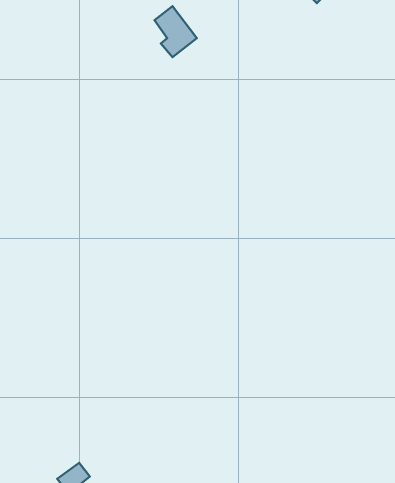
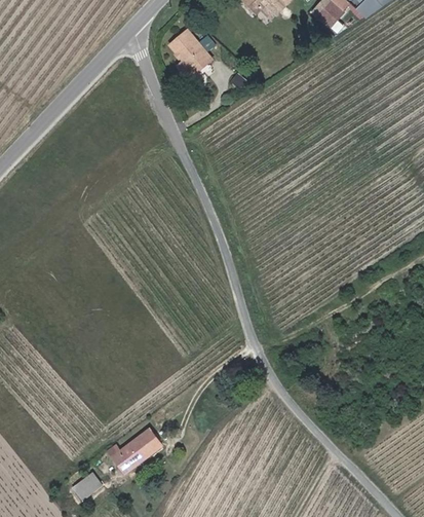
building: none -> [108,431,154,474]

